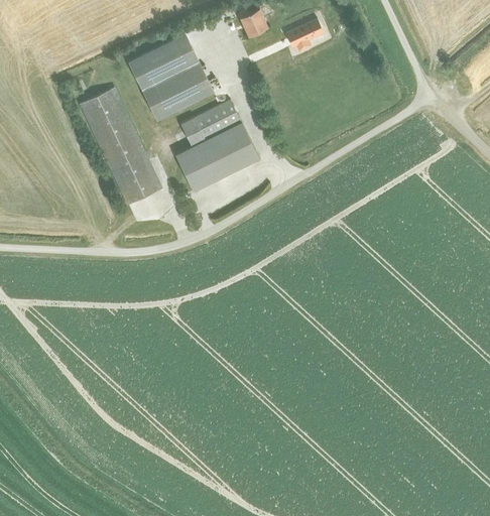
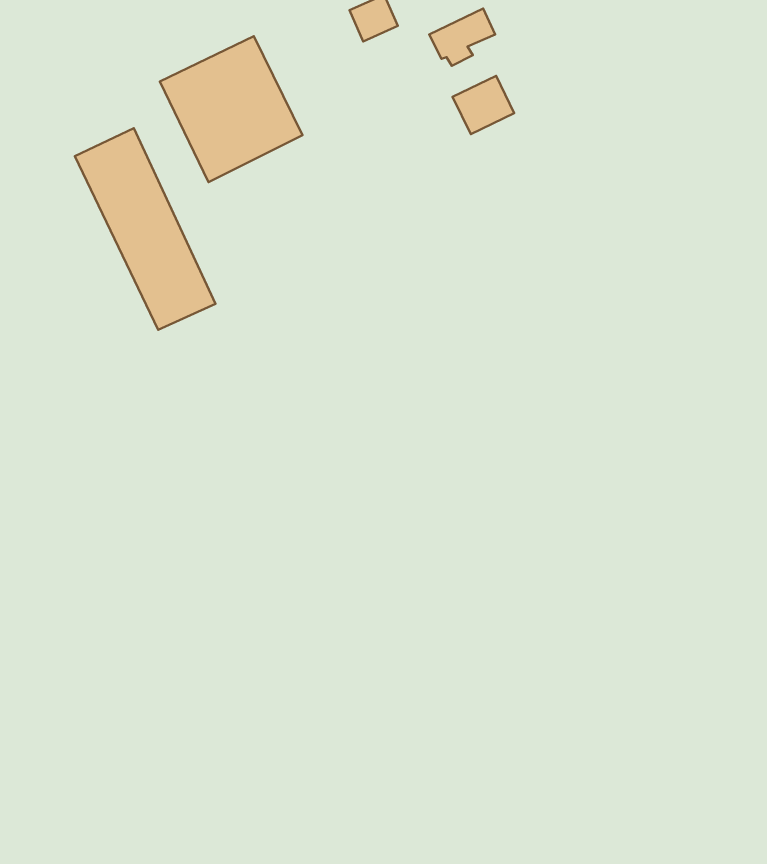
building: none -> [452,76,514,134]
building: [175,100,259,190] -> none

